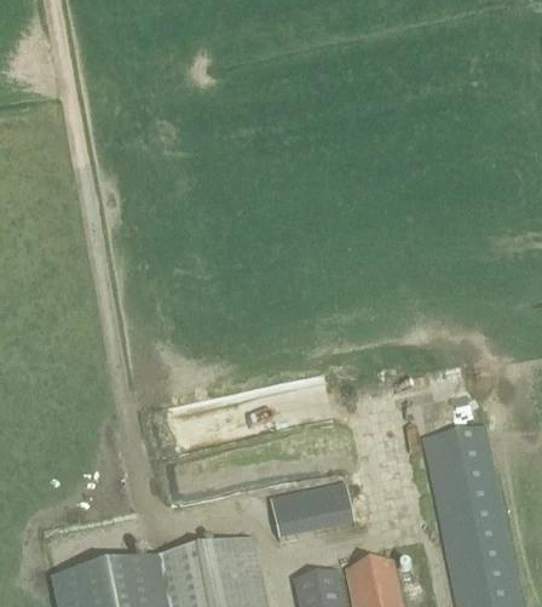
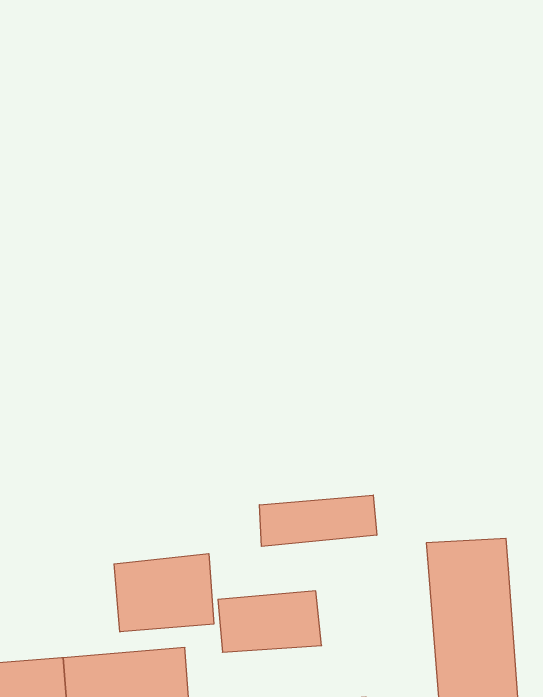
building: none -> [259,495,377,546]
building: none -> [114,554,214,632]

